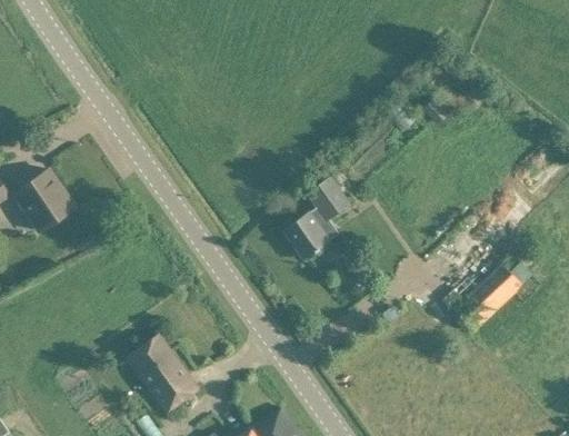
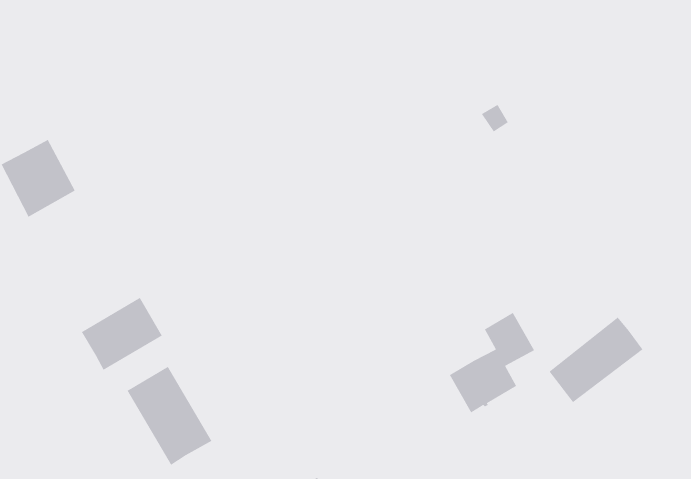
building: [284,177,349,258] -> [449,312,535,413]
building: none -> [81,297,163,371]

